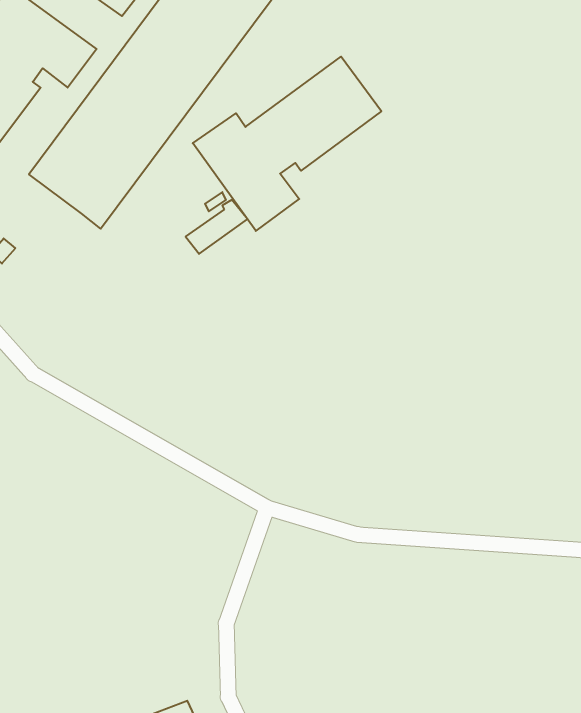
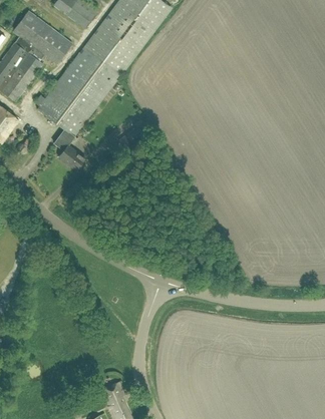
building: [193,57,381,231] -> none
building: none -> [53,128,85,169]

